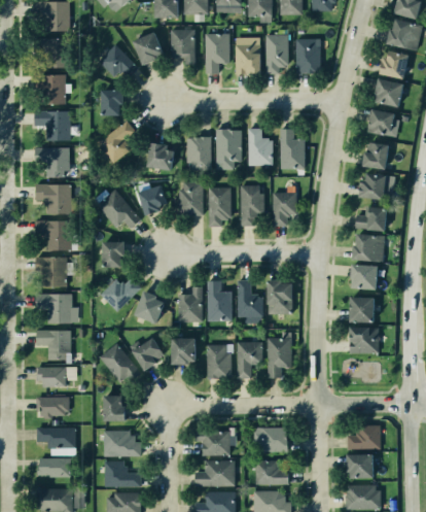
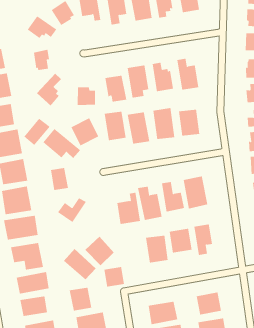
building: none -> [23,118,50,146]
building: [135,291,159,322] -> none
building: [170,339,193,362] -> [104,267,125,287]

